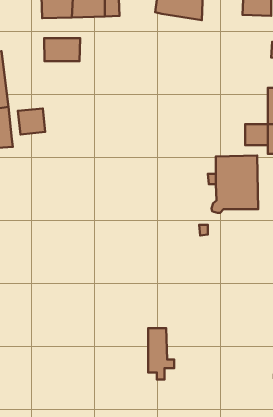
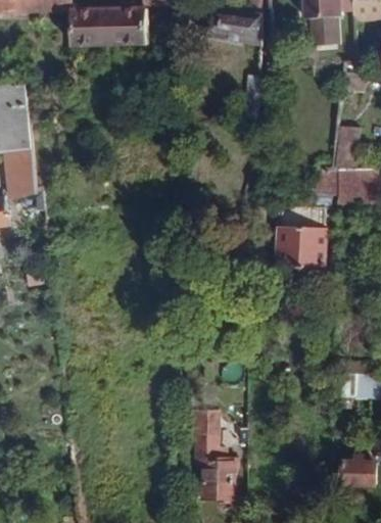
building: [44,38,80,61] -> none
building: [18,109,45,135] -> none
building: none -> [201,457,235,500]

